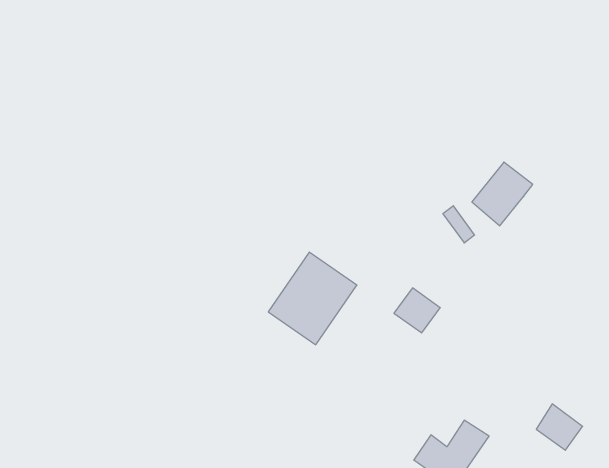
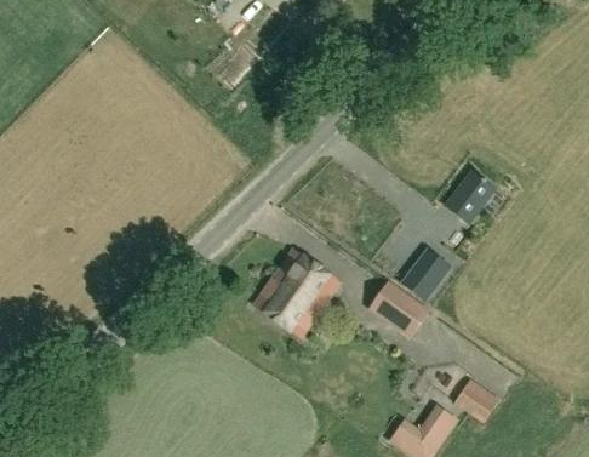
building: none -> [401,249,448,299]
building: [536,404,583,450] -> [457,378,499,421]

